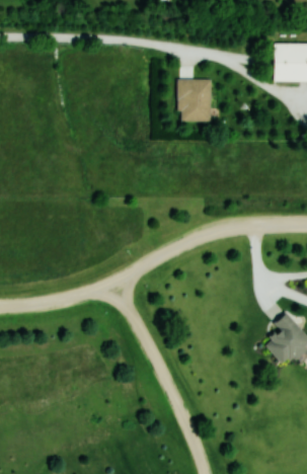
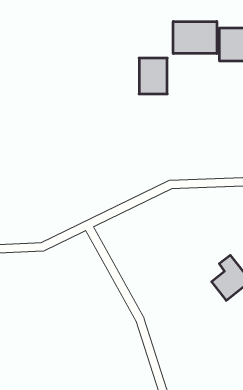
building: none -> [173,21,217,54]

